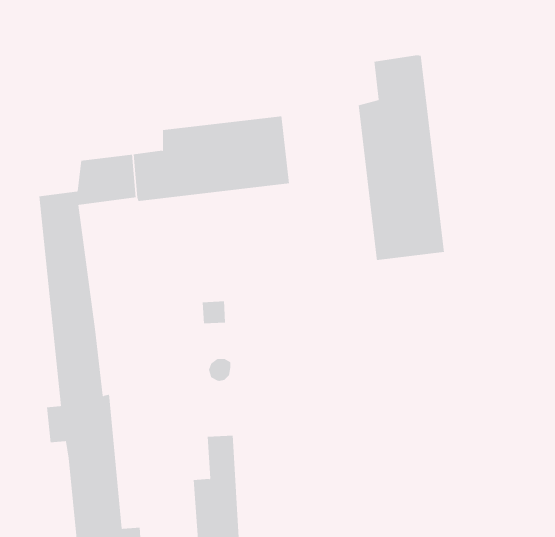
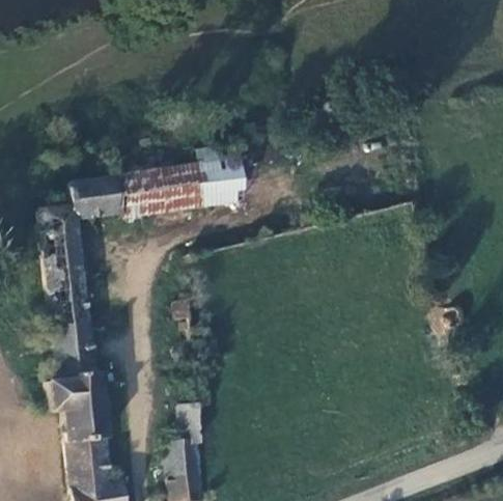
building: [358,54,444,261] -> none

